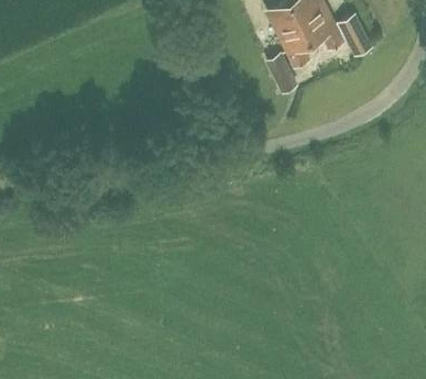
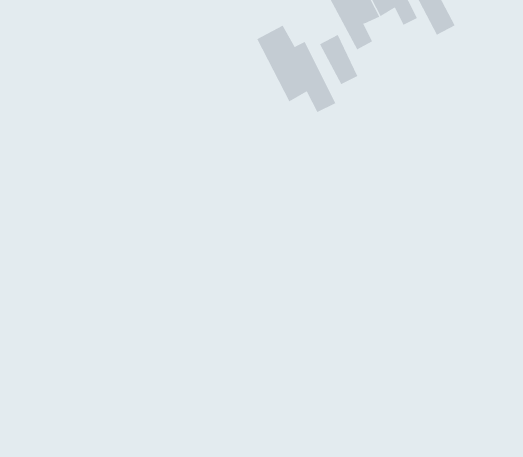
building: none -> [256,25,336,113]

